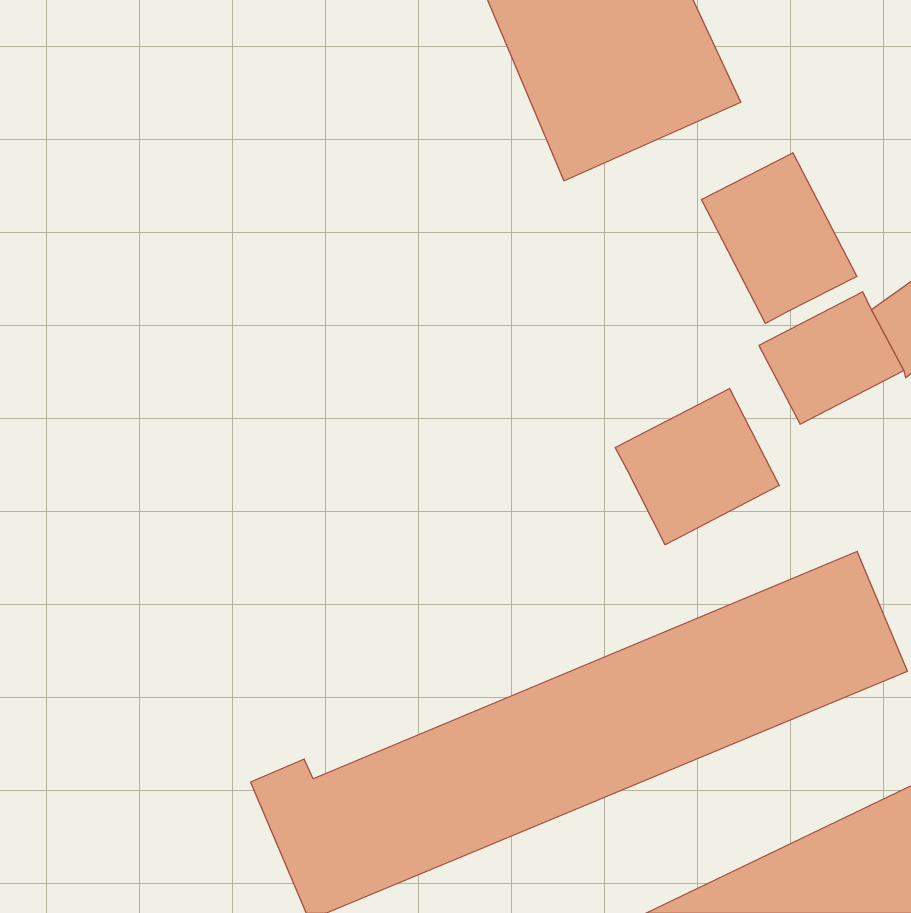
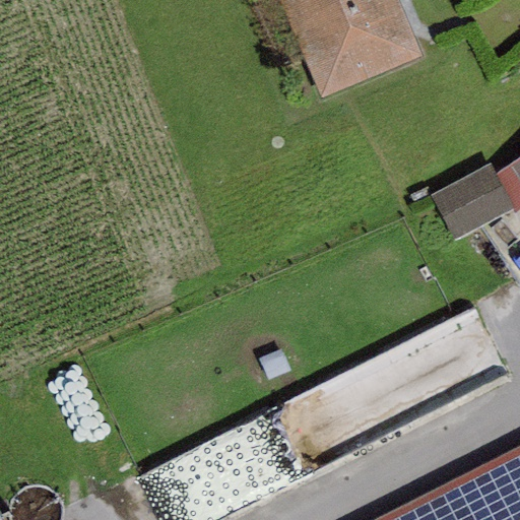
building: [701,153,857,323] -> none
building: [615,388,779,545] -> none

